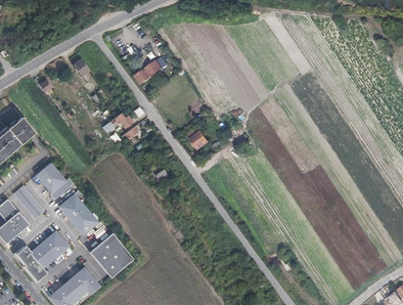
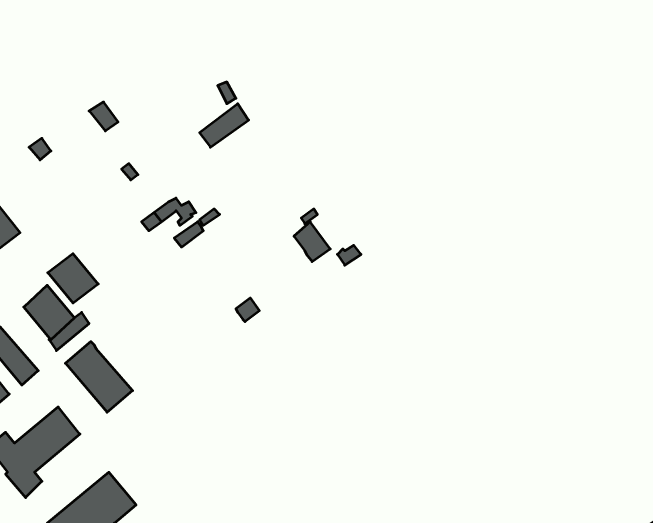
building: none -> [48,254,98,303]
building: [88,233,131,276] -> none

